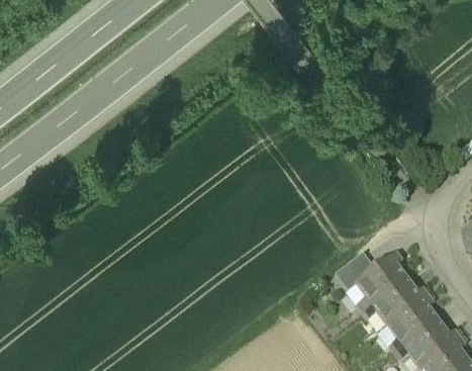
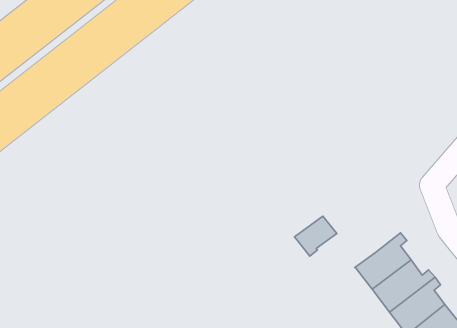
building: [336,254,375,291] -> [295,216,337,256]

